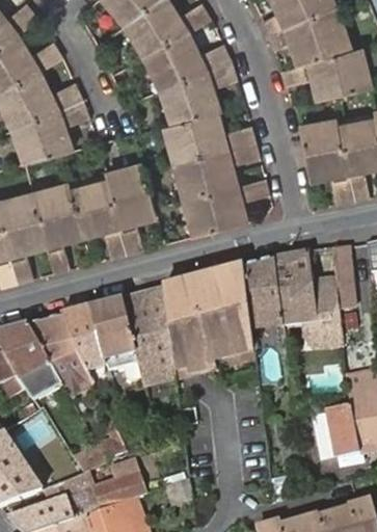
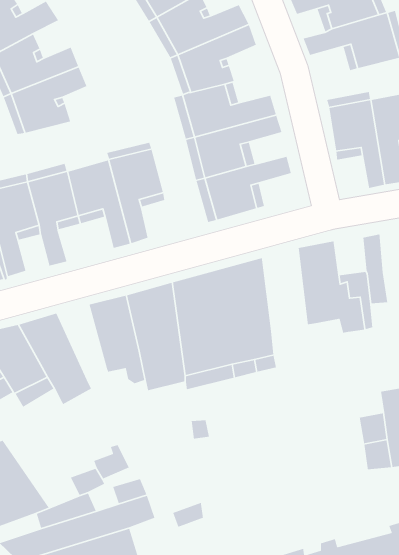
building: [242,257,281,330] -> none
building: [60,307,104,373] -> none

